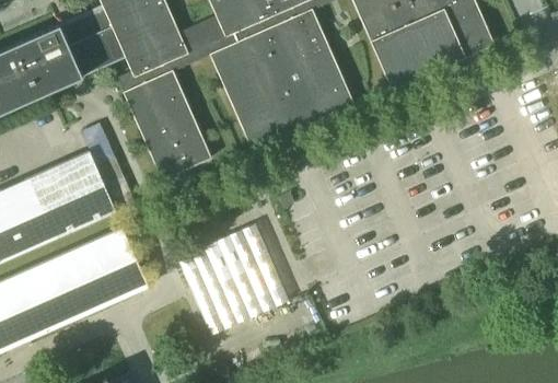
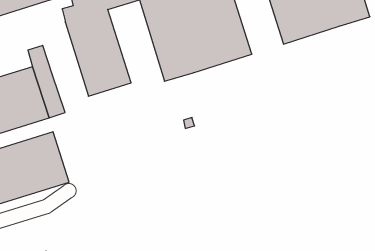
building: [177,223,289,335] -> none

